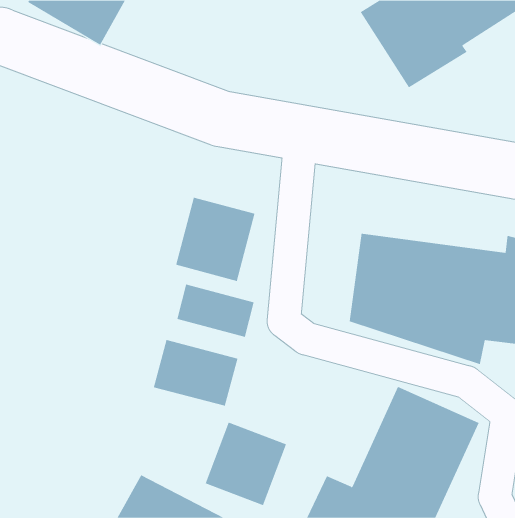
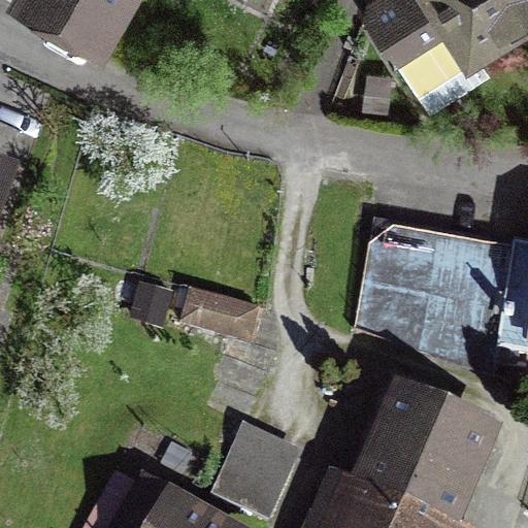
building: [175,197,255,282] -> none
building: [153,339,238,407] -> none

